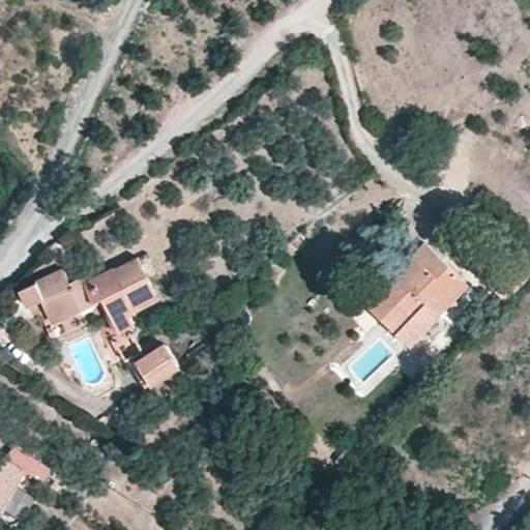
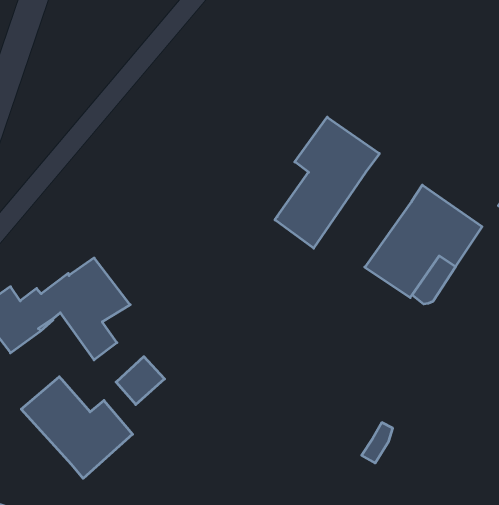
building: none -> [275,117,379,248]
building: none -> [21,377,133,478]

